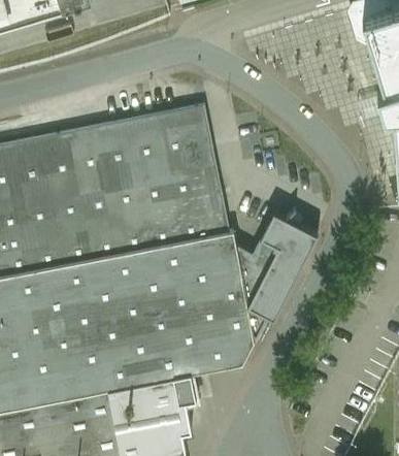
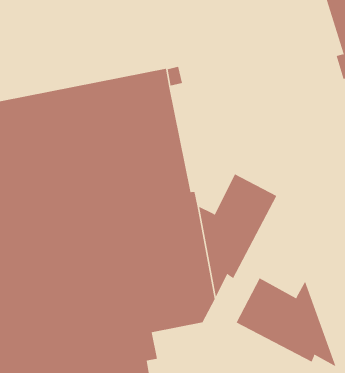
building: none -> [236,277,337,367]

